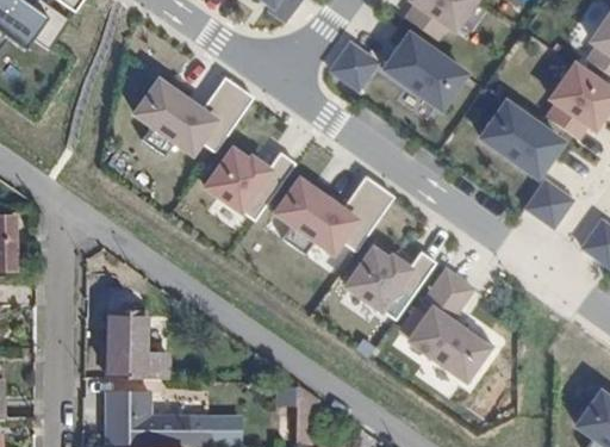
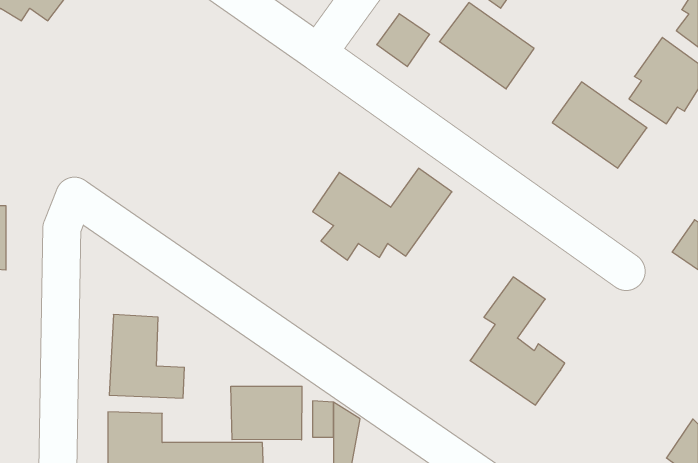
building: [137,77,255,156] -> none
building: [207,150,297,222] -> none
building: [527,181,573,226] -> none
building: [347,249,437,321] -> none
building: none -> [231,386,302,440]

